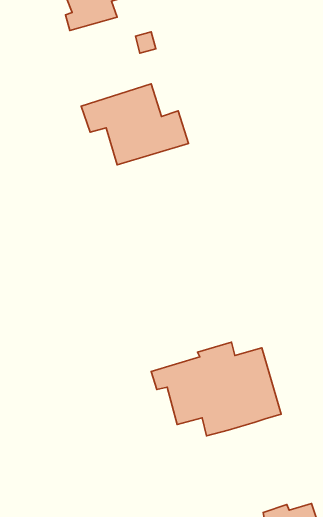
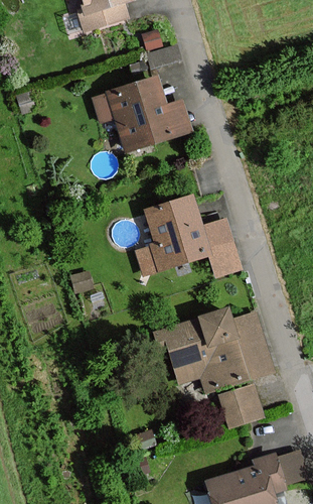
building: none -> [137,197,241,275]
building: none -> [217,385,260,425]

